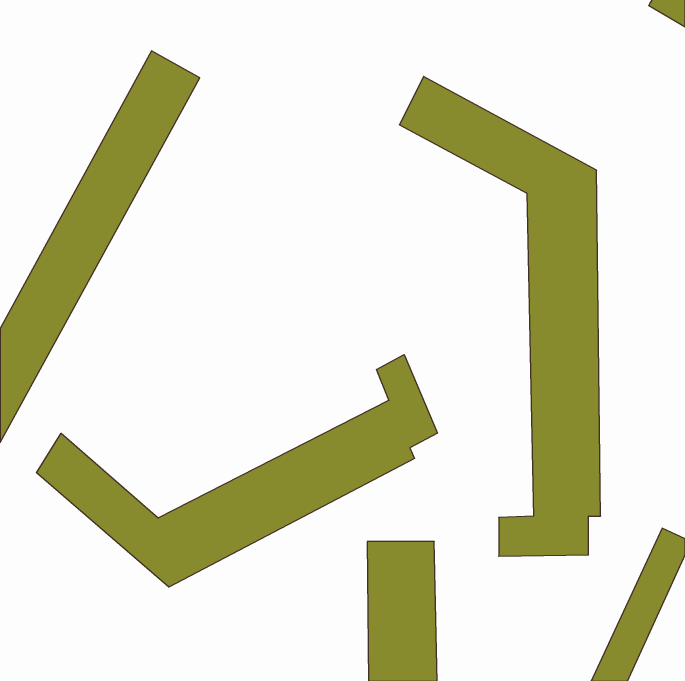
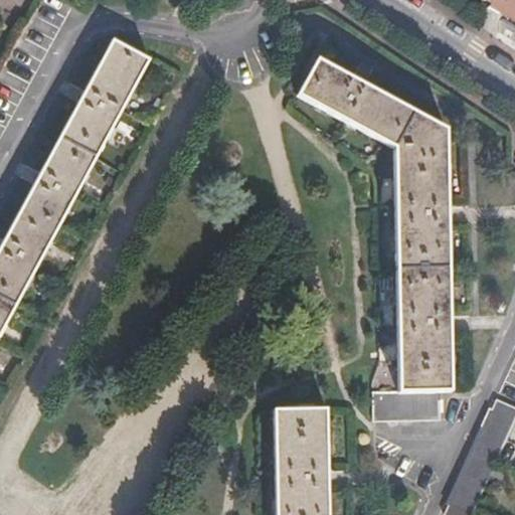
building: [36,355,437,587] -> none

